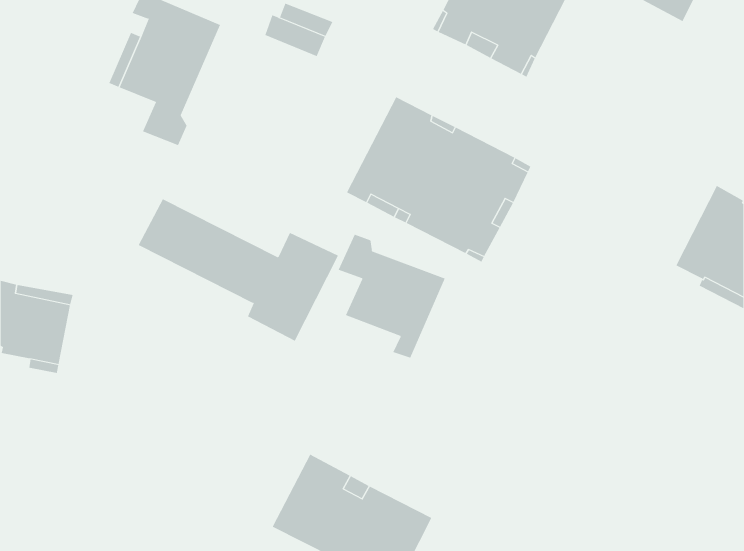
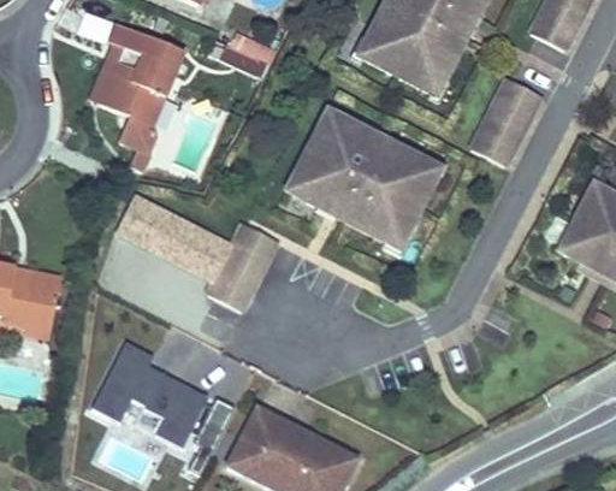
building: none -> [470,77,540,164]
building: [338,234,446,358] -> none
building: none -> [91,342,233,474]

